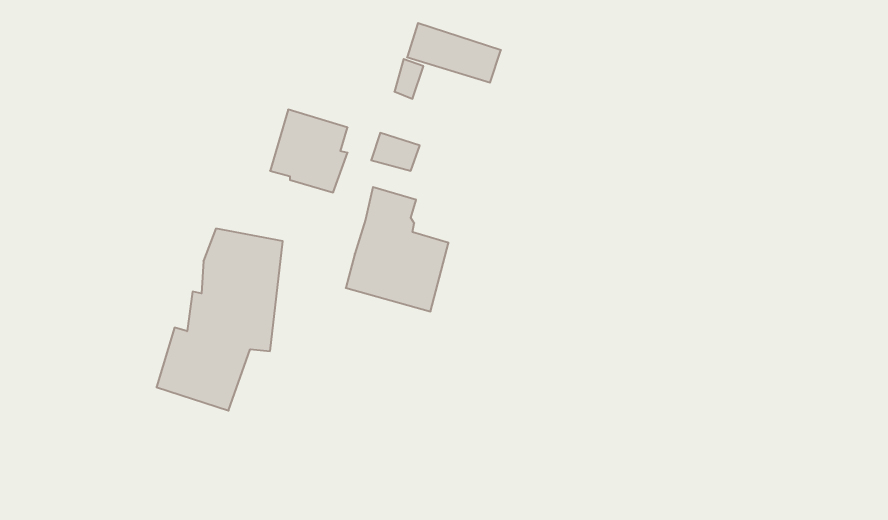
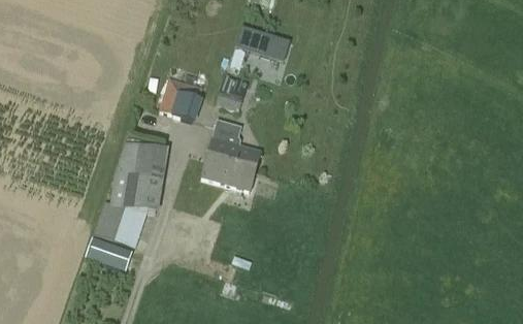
building: none -> [86,237,131,270]

